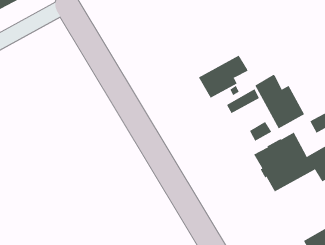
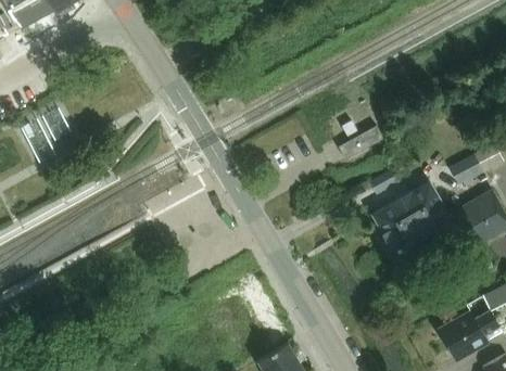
building: [198,55,248,98] -> none
building: [255,74,305,129] -> none

